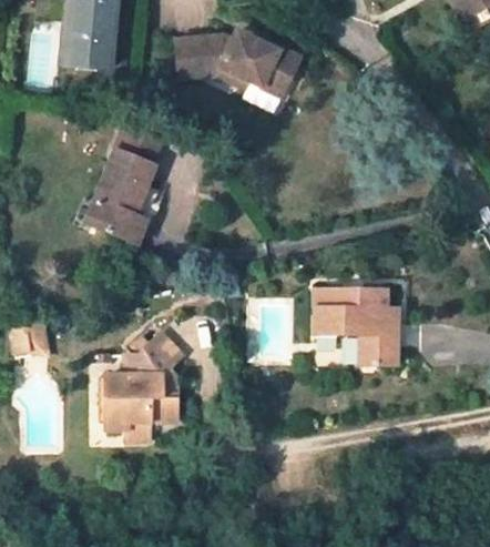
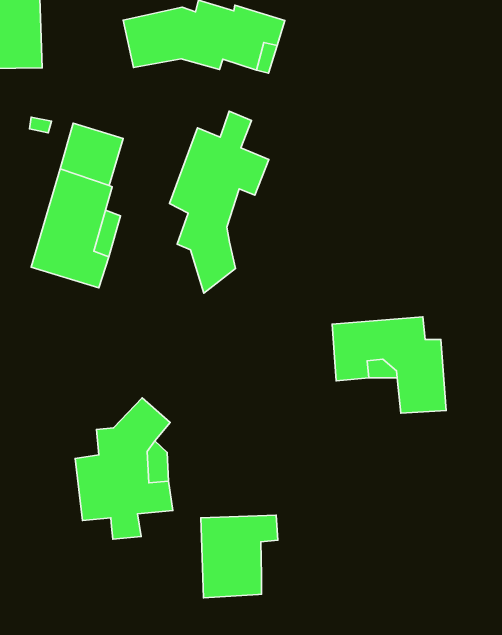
building: none -> [170,111,269,293]
building: none -> [201,515,278,598]

